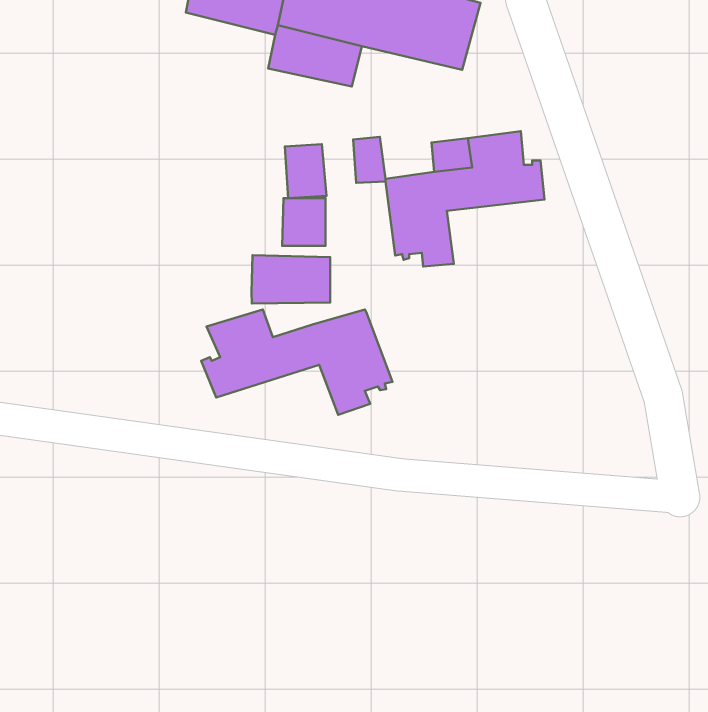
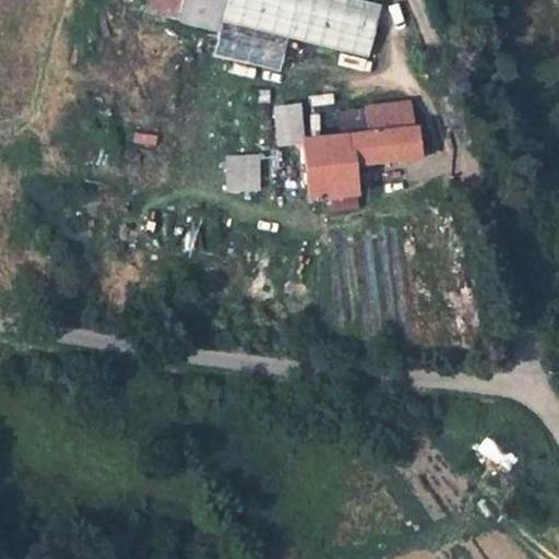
building: [285,144,327,198] -> none
building: [252,255,330,303] -> none
building: [201,309,393,415] -> none

